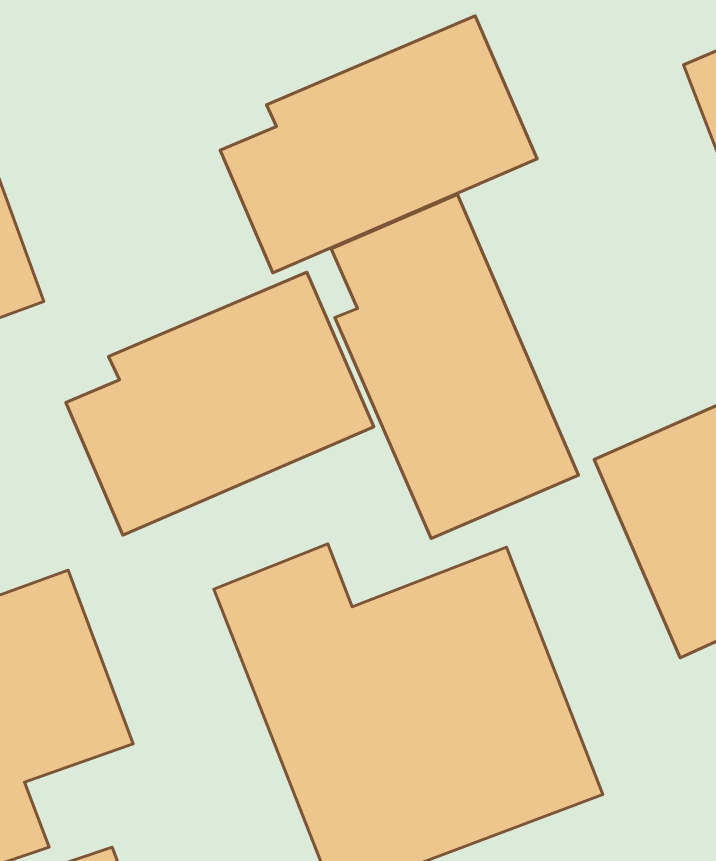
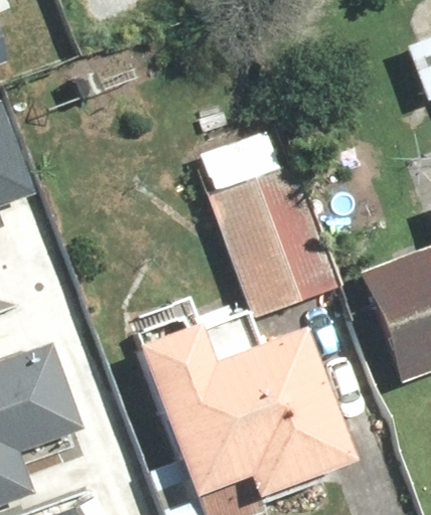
building: [220,16,537,273] -> none
building: [66,272,374,535] -> none

